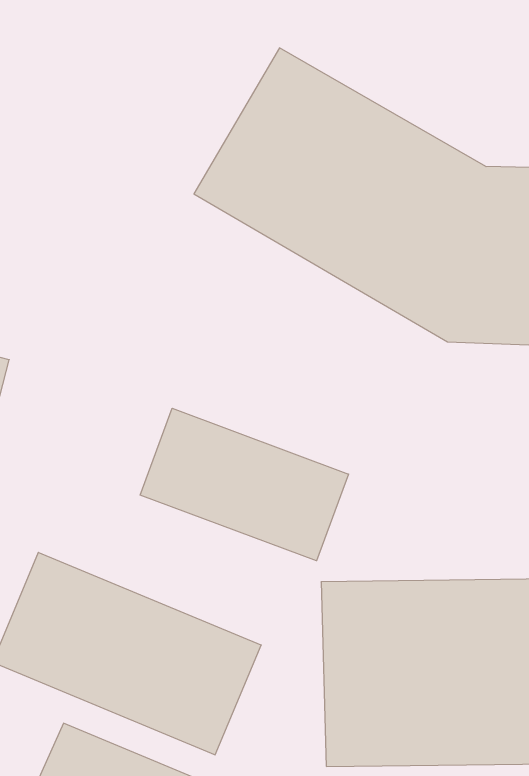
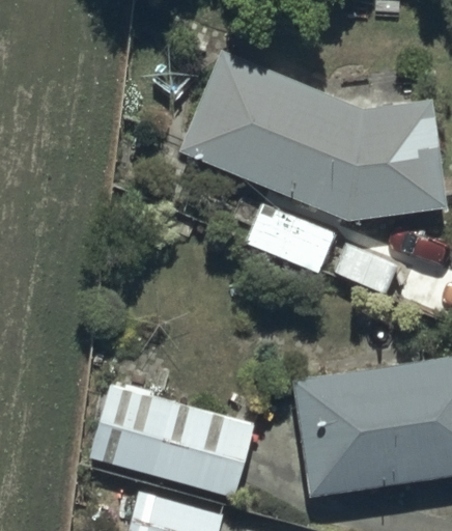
building: [140,408,349,561] -> none

